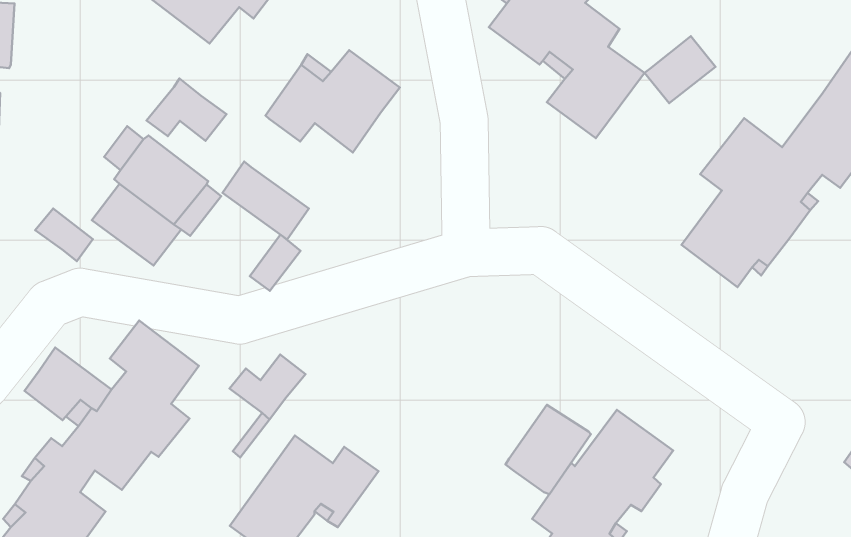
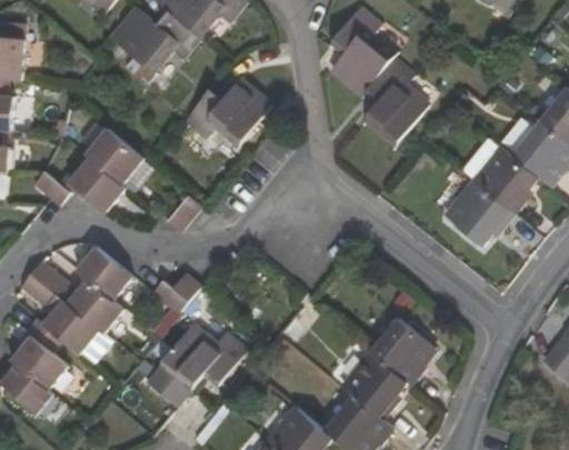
building: [644,36,716,103] -> none
building: [147,78,227,141] -> none
building: [223,162,309,239] -> none
building: [505,405,591,494] -> none

